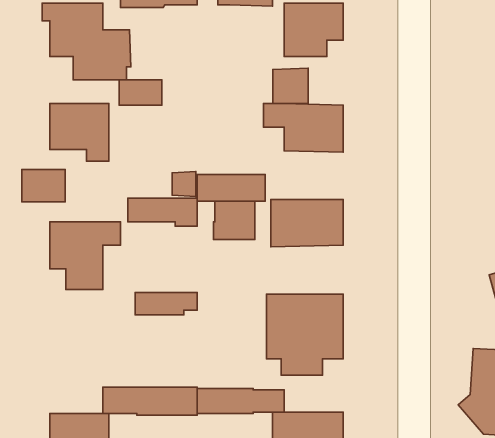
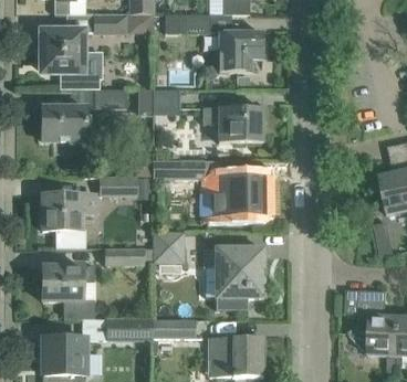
building: [273,68,308,104] -> [153,87,179,114]
building: [22,170,65,202] -> none
building: [213,201,255,239] -> [153,232,184,261]
building: none -> [42,265,95,318]

